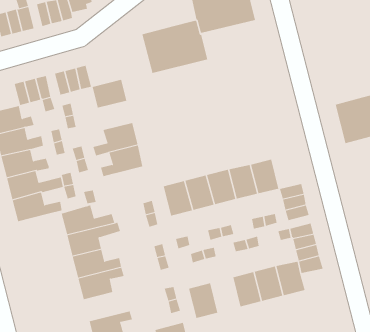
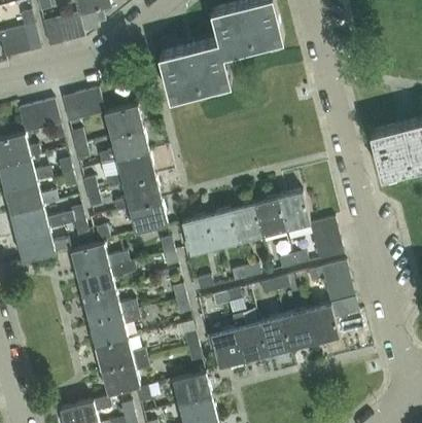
building: none -> [99,129,149,166]
building: none -> [129,201,168,233]
building: none -> [231,313,267,361]
building: none -> [95,339,146,371]

